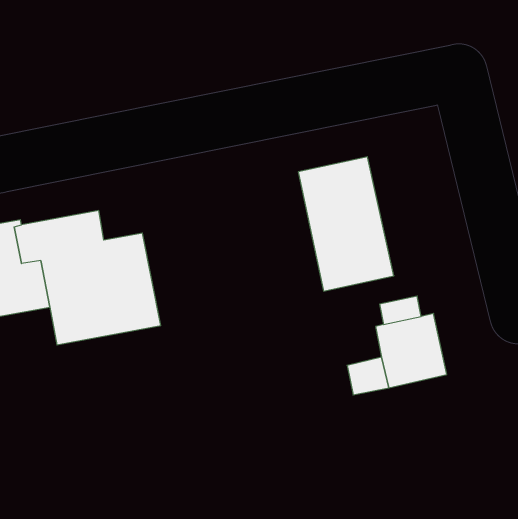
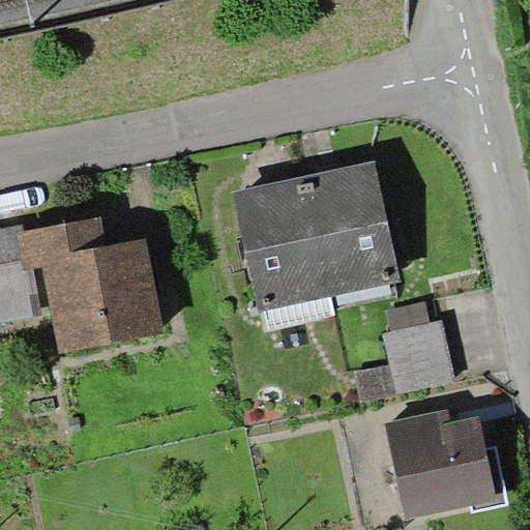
building: none -> [231,176,329,313]
building: none -> [383,409,506,519]

